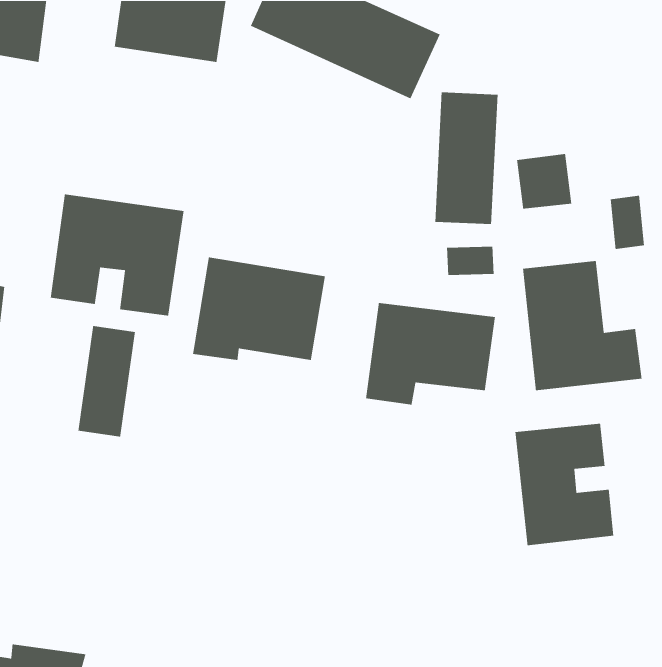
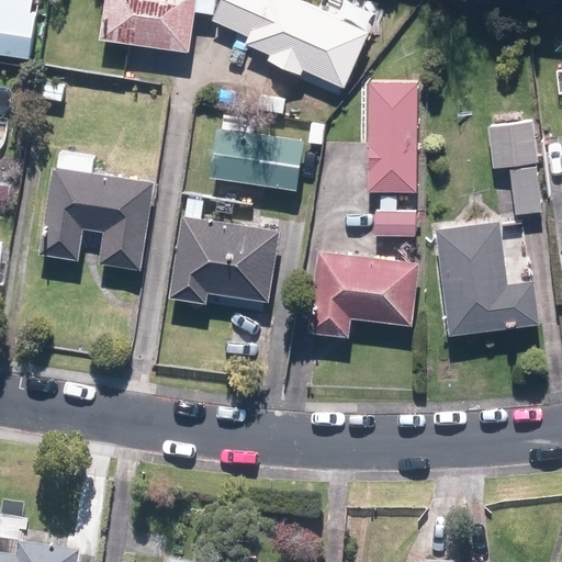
building: none -> [202,127,297,189]
building: [516,153,572,209] -> [490,117,537,165]
building: [77,325,136,438] -> none
building: [515,423,614,546] -> none

